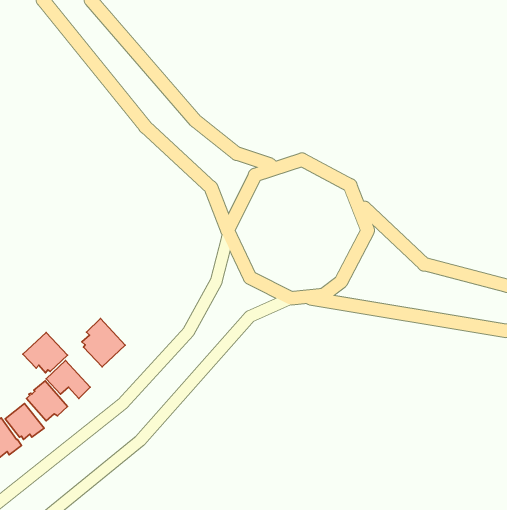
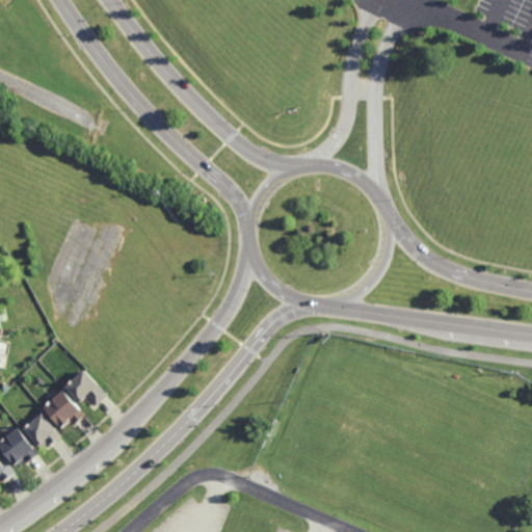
building: [82,319,125,367] -> none
building: [23,333,67,373] -> none

